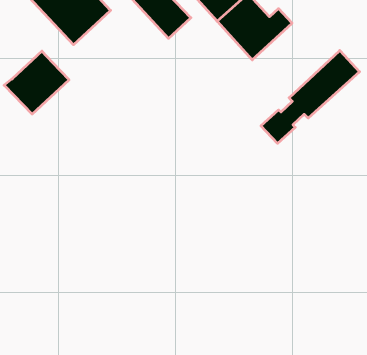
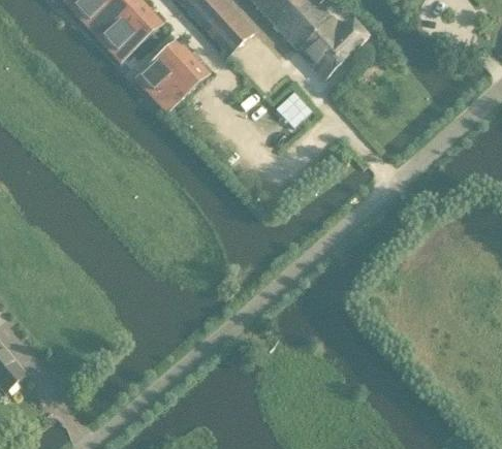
building: [261,50,360,143] -> none
building: [4,51,69,114] -> [134,37,209,109]

